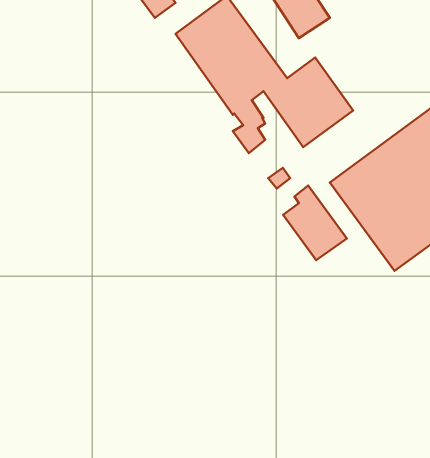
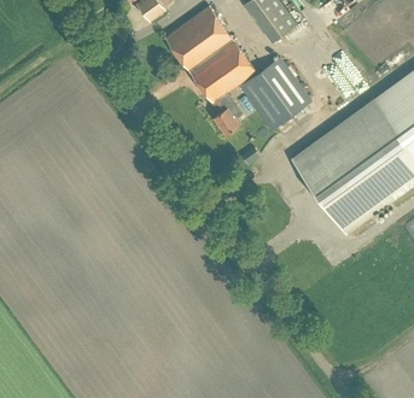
building: [283,186,347,260] -> none

